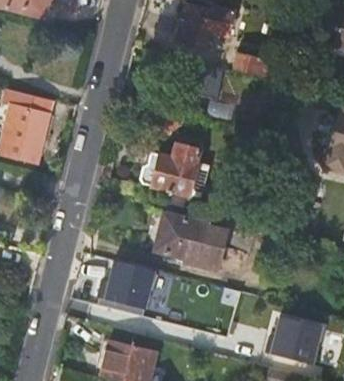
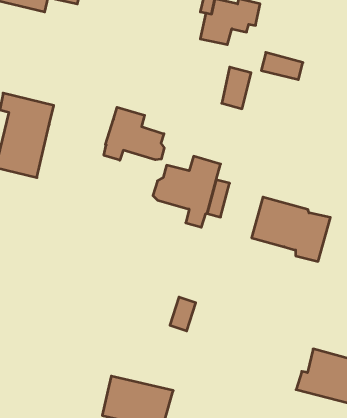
building: none -> [104,107,164,160]
building: [158,214,228,271] -> [252,197,330,261]
building: [98,262,156,312] -> none

